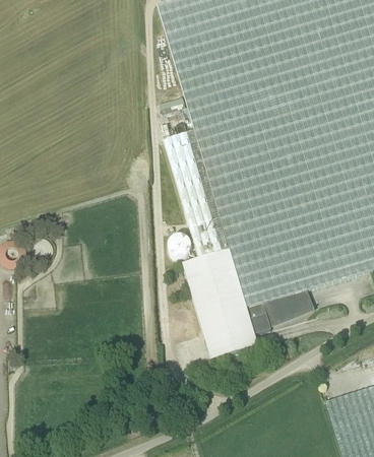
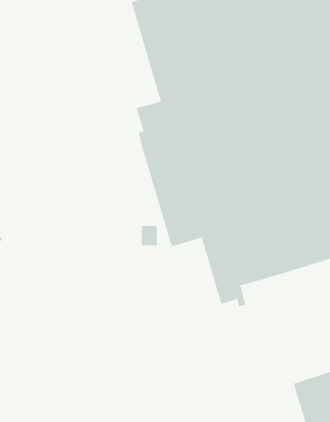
building: [183,250,272,361] -> none
building: [272,289,313,319] -> none

